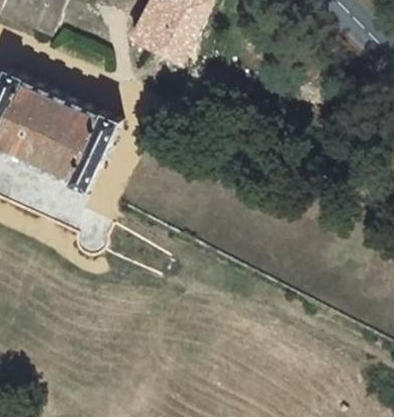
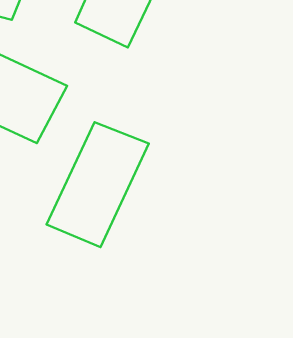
building: none -> [46,122,149,247]

